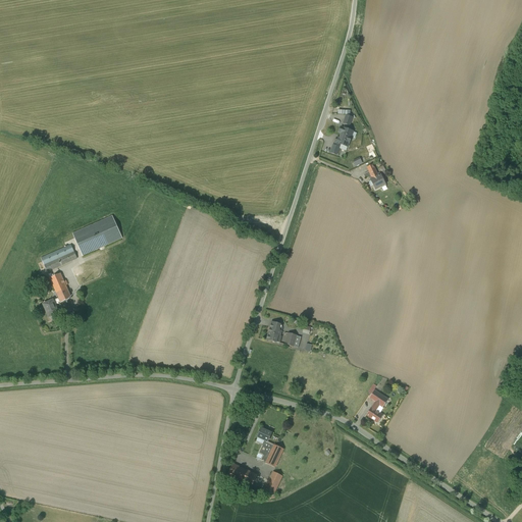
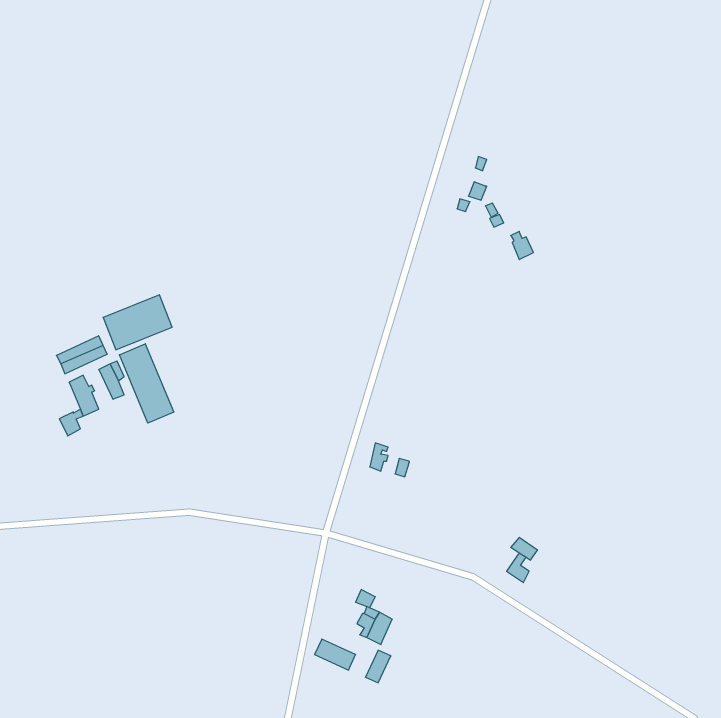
building: none -> [119,344,174,423]

